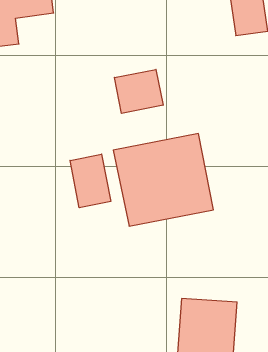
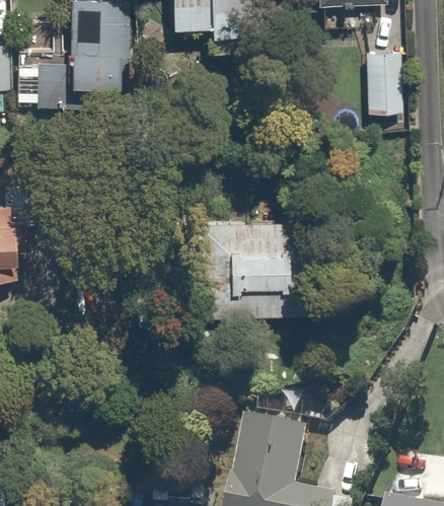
building: [114,69,163,113] -> none
building: [70,154,111,208] -> none

